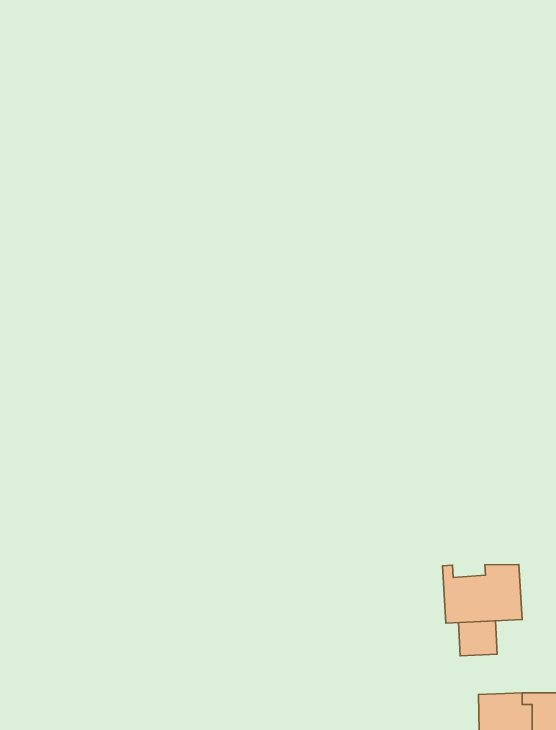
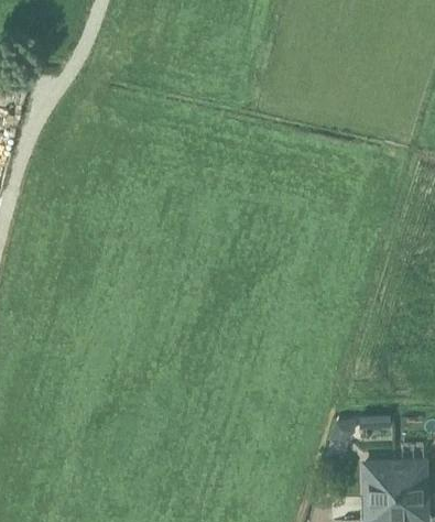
building: [443,564,522,623] -> none

